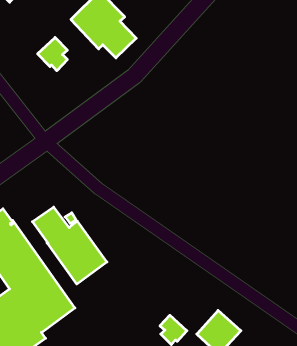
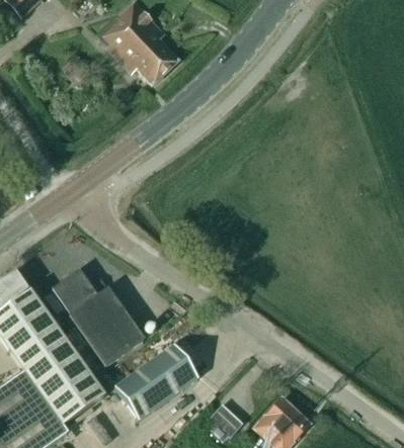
building: [38,37,67,71] -> none
building: none -> [114,342,198,419]

